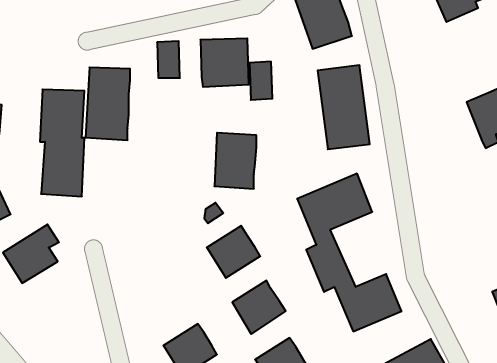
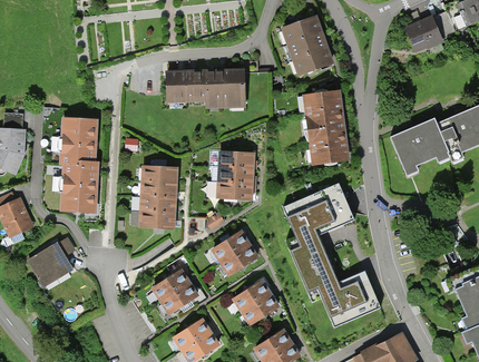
building: [249,62,272,100] -> [183,69,203,102]
building: [86,67,130,140] -> [136,166,175,229]
building: none -> [389,119,448,175]
building: none -> [149,271,197,316]

